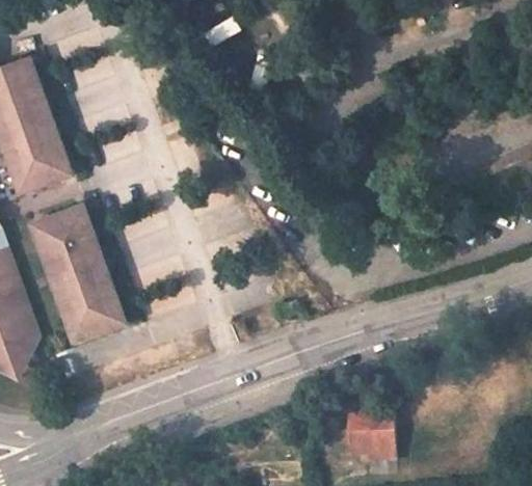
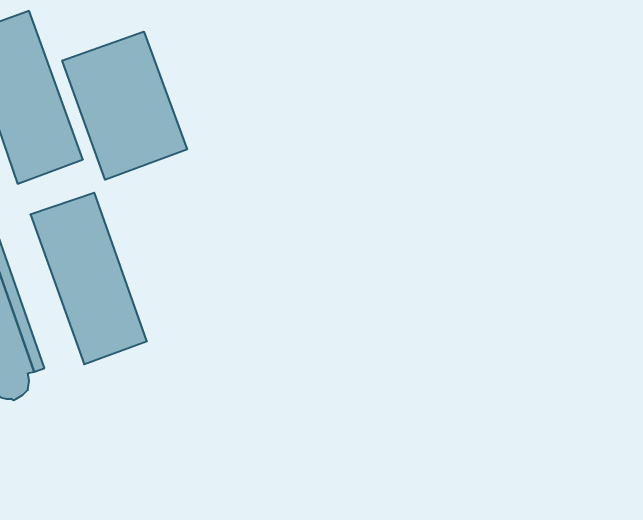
building: none -> [62,32,187,180]
building: [350,417,400,461] -> none

